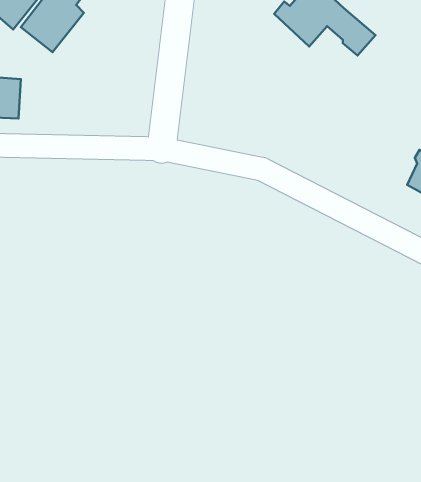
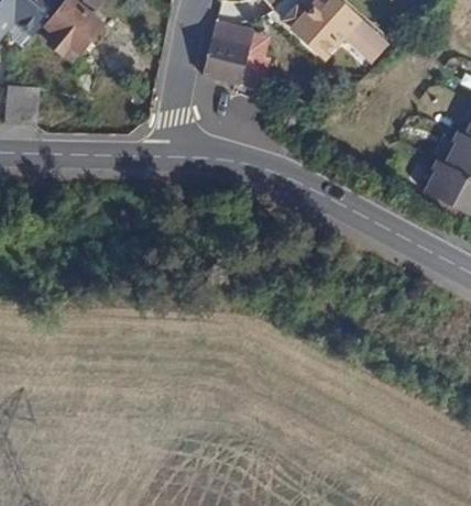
building: none -> [202,15,272,90]

